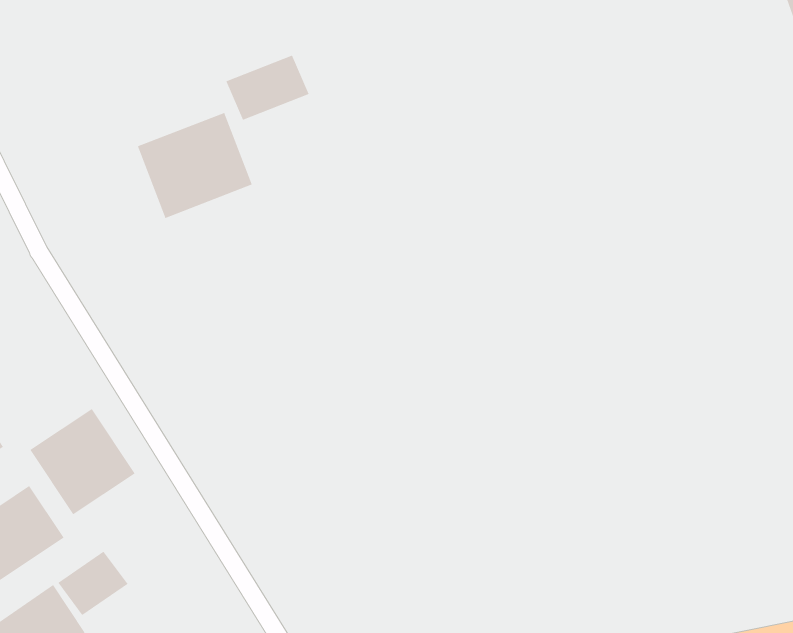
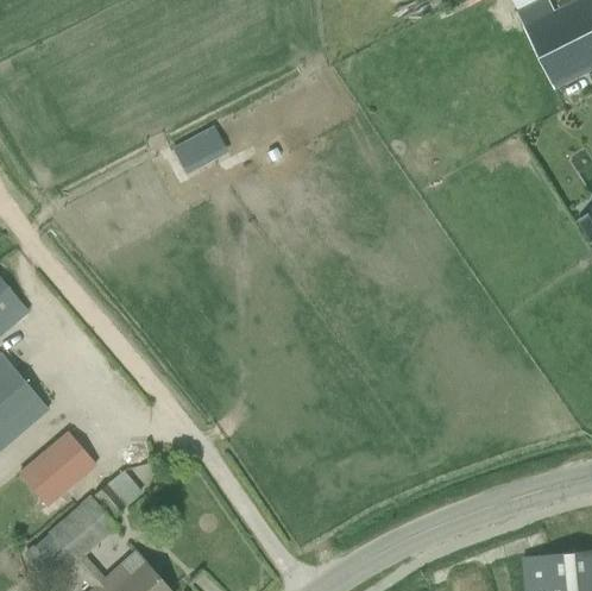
building: [137,112,253,219] -> none
building: [29,408,136,515] -> none

